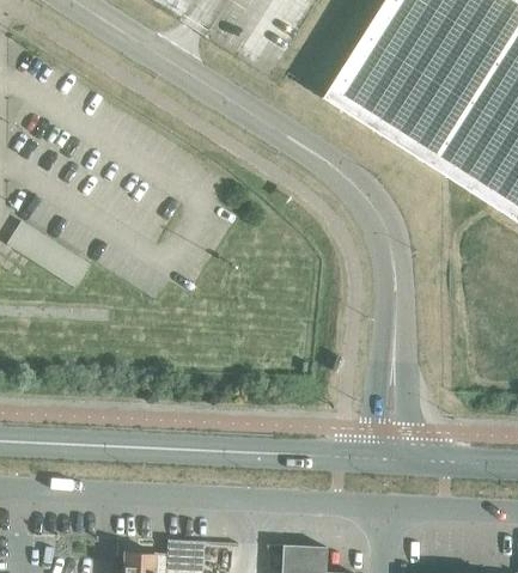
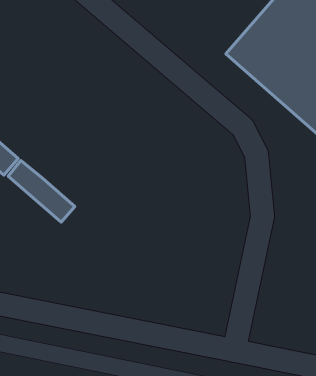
building: none -> [8,161,75,222]

